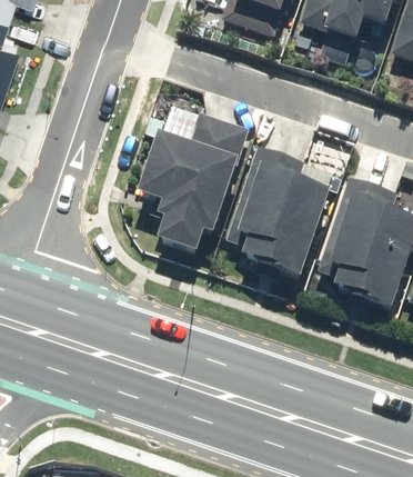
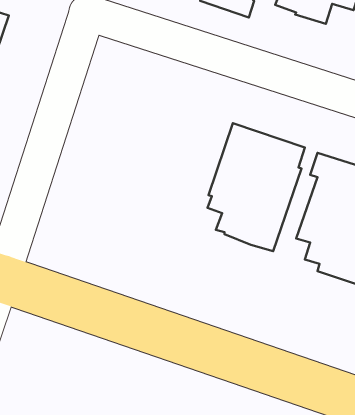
building: [137,112,250,254] -> none

